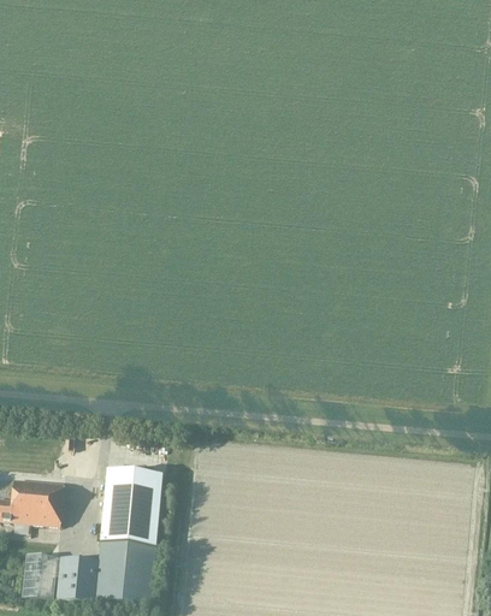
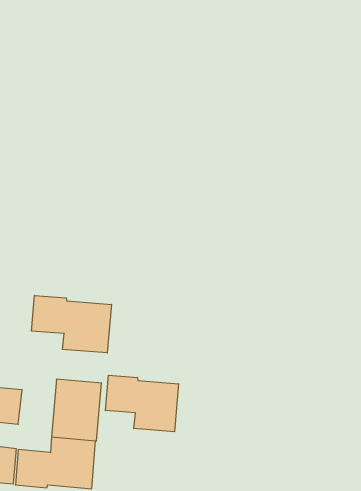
building: none -> [31,295,111,353]
building: none -> [105,375,179,432]

